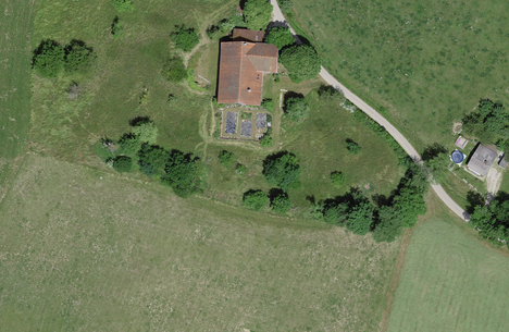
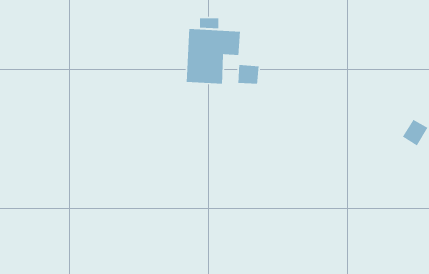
building: none -> [238,64,260,84]

